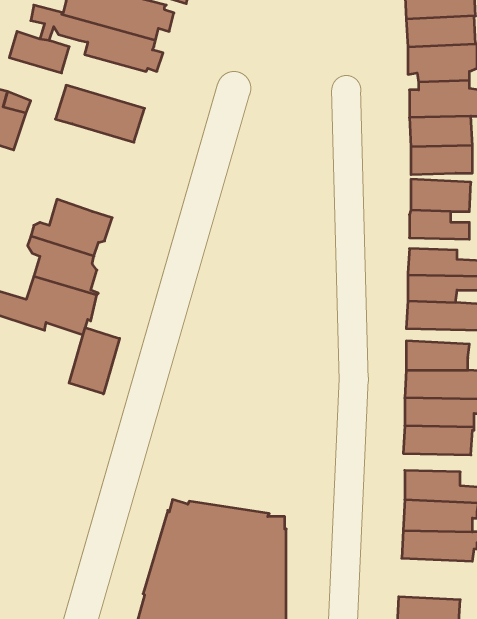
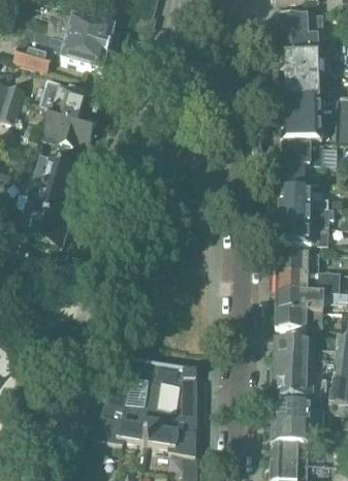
building: none -> [42,105,97,152]
building: [69,328,120,394] -> none
building: none -> [272,403,314,424]

